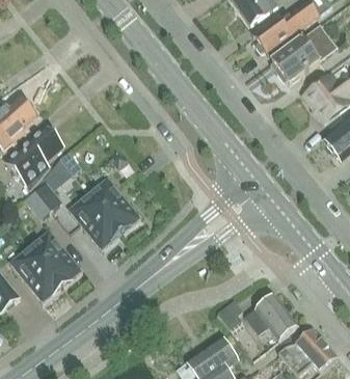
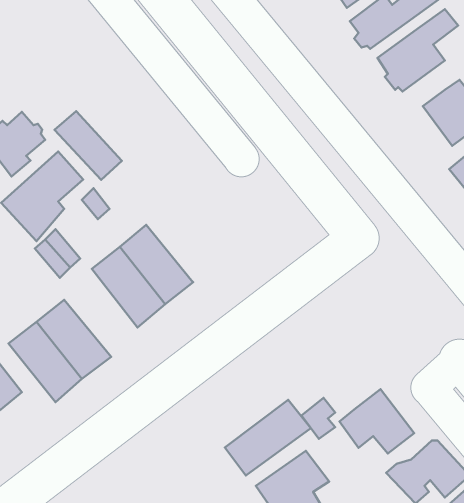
building: none -> [55,111,122,180]
building: none -> [225,400,311,475]

